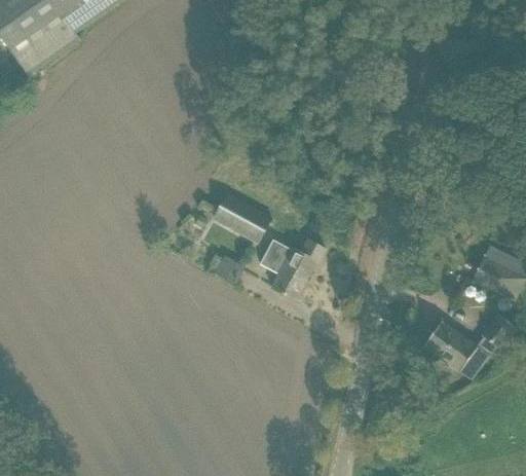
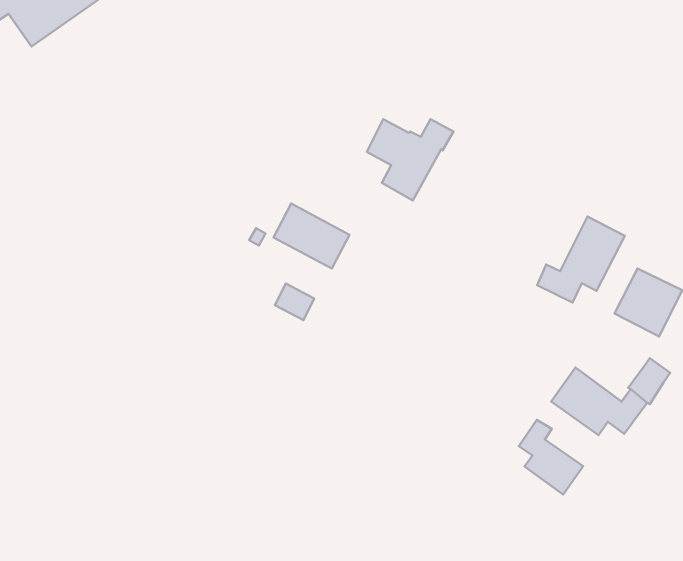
building: none -> [537,217,625,302]
building: [259,237,325,299] -> [367,119,453,201]
building: none -> [519,420,583,494]

